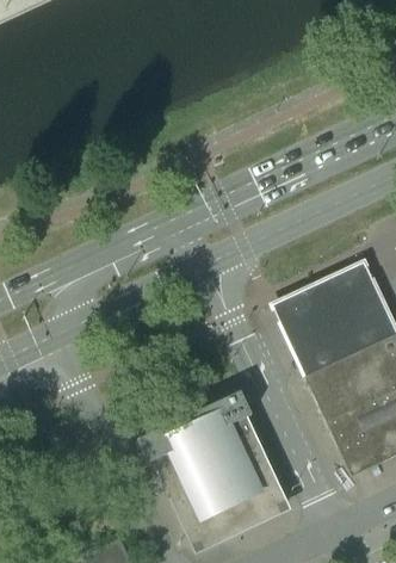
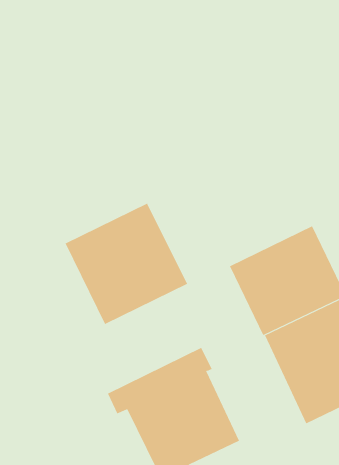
building: none -> [65,202,188,325]

